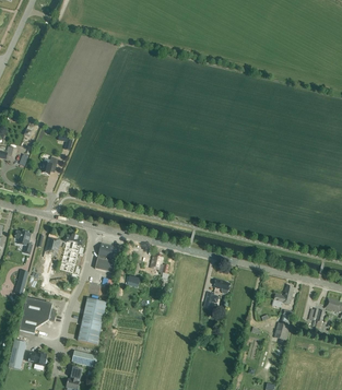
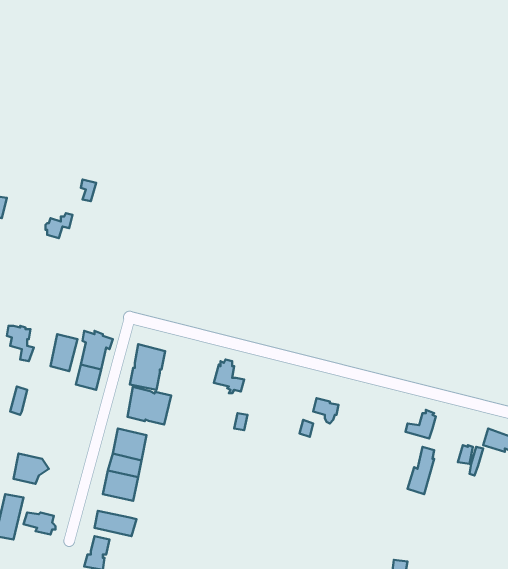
building: none -> [127,387,171,425]
building: [23,297,57,323] -> none

